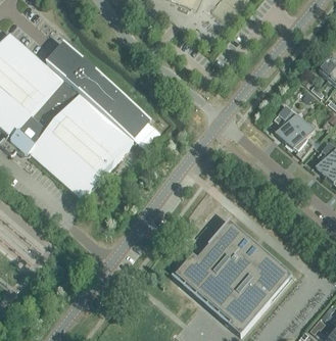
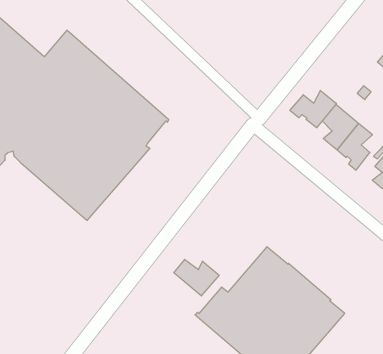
building: none -> [290,90,336,128]
building: none -> [174,259,219,296]

